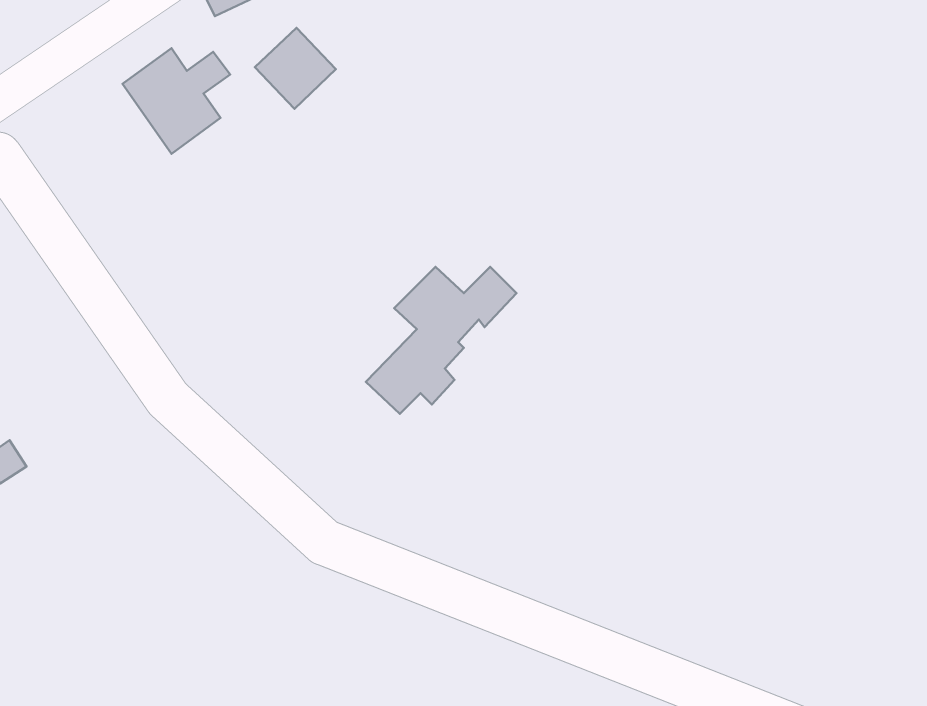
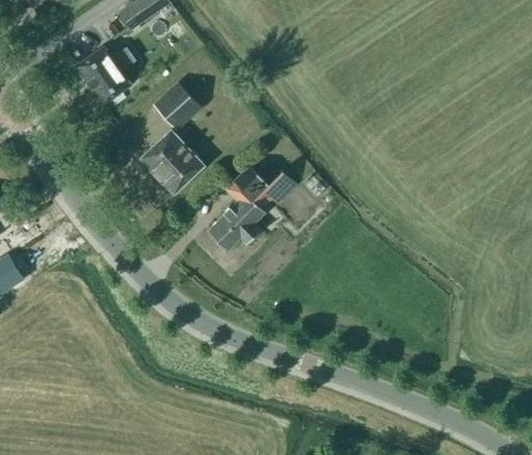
building: [255,28,336,109] -> [155,84,200,129]
building: none -> [140,131,204,194]

